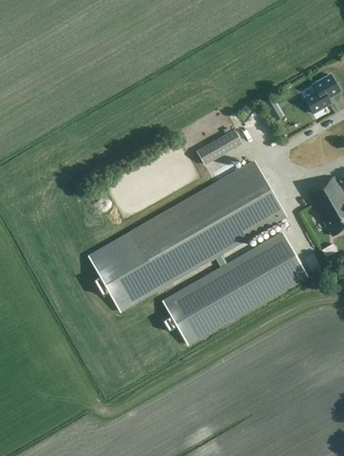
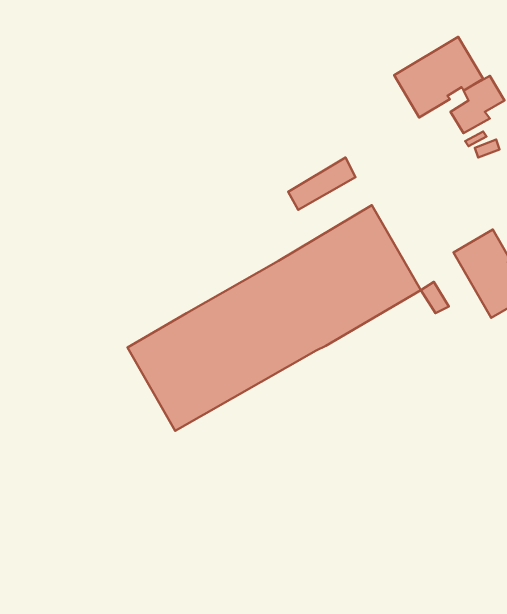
building: none -> [394,37,483,117]
building: [162,232,306,344] -> none

